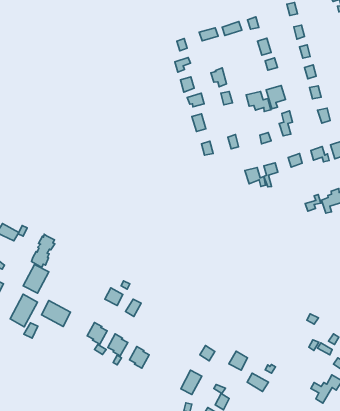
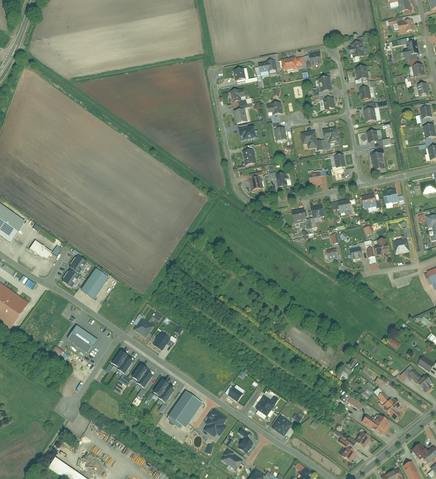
building: [23,264,49,293] -> [81,267,109,297]
building: [10,294,37,327] -> none
building: none -> [168,390,202,426]

